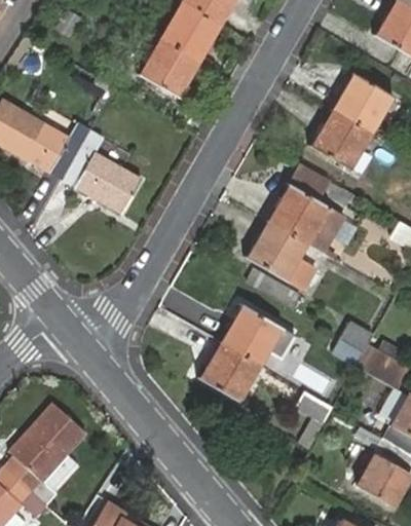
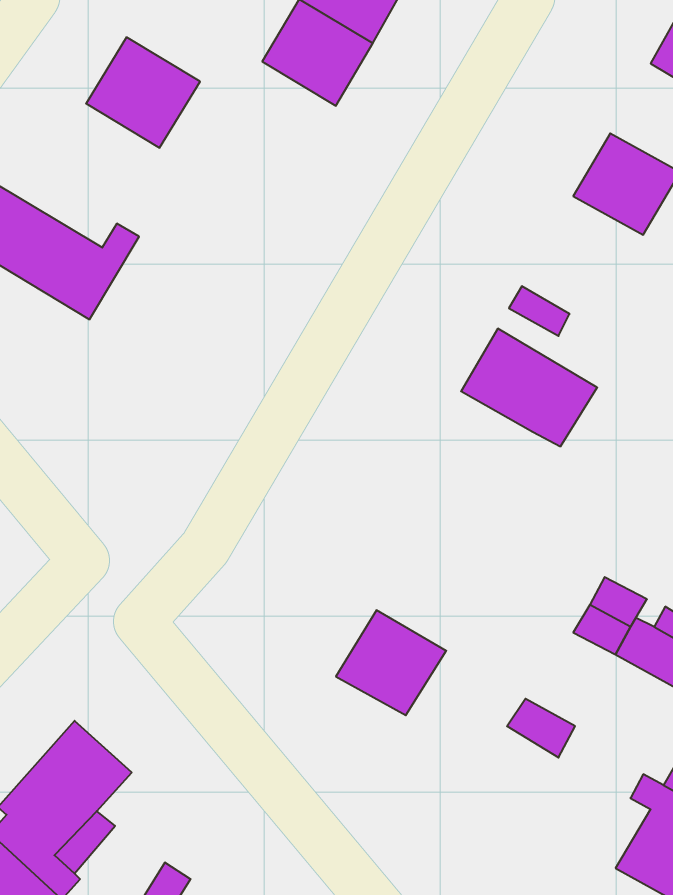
building: [136,36,199,98] -> [86,37,200,148]
building: [312,111,371,168] -> none
building: [62,134,141,215] -> none
building: [249,220,314,287] -> none
building: [222,307,293,365] -> none

